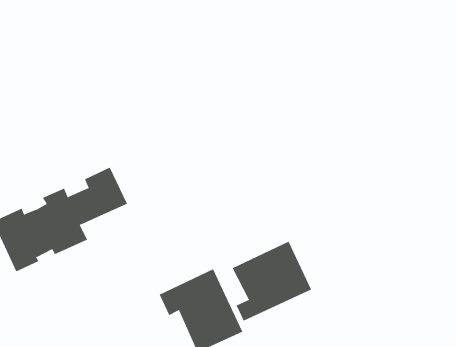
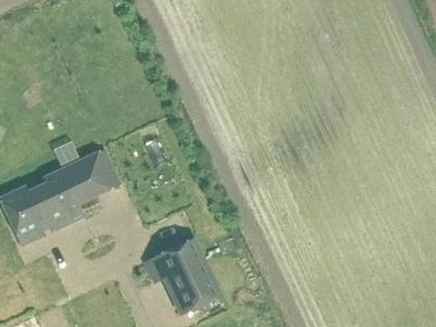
building: [232,241,312,322] -> none

